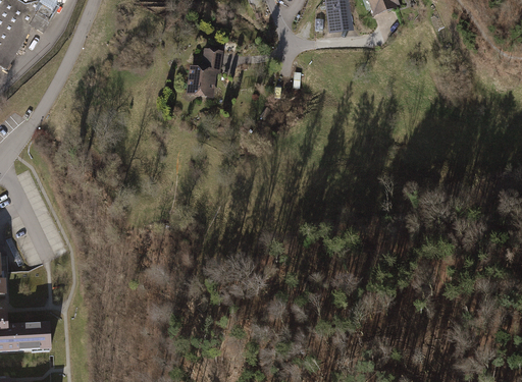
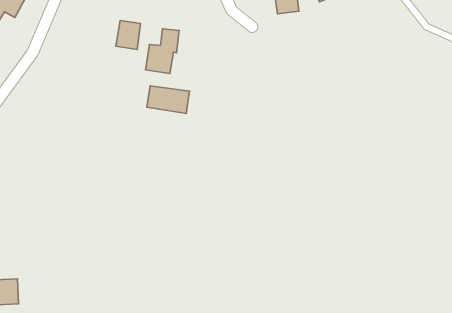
building: none -> [116,20,141,49]
building: none -> [147,86,189,113]

